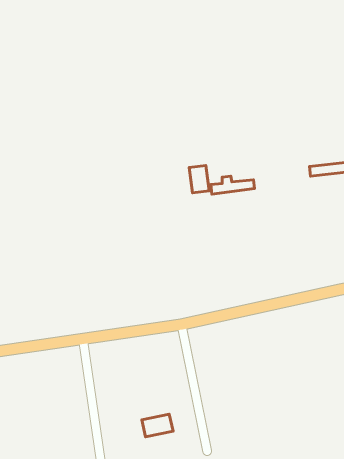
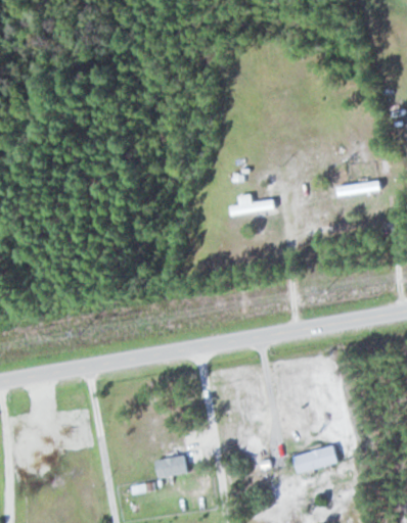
building: [189,166,209,193] -> none
building: none -> [292,445,337,471]

